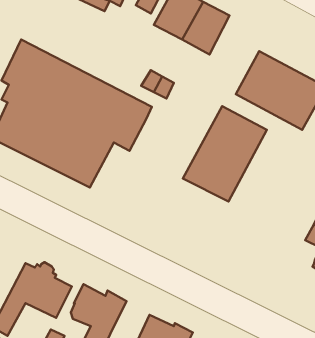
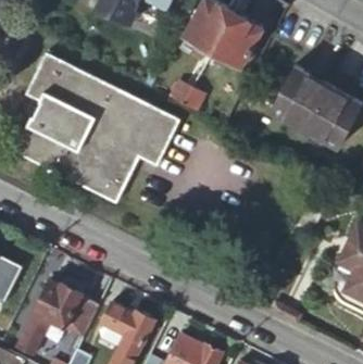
building: [183,106,267,202] -> none

